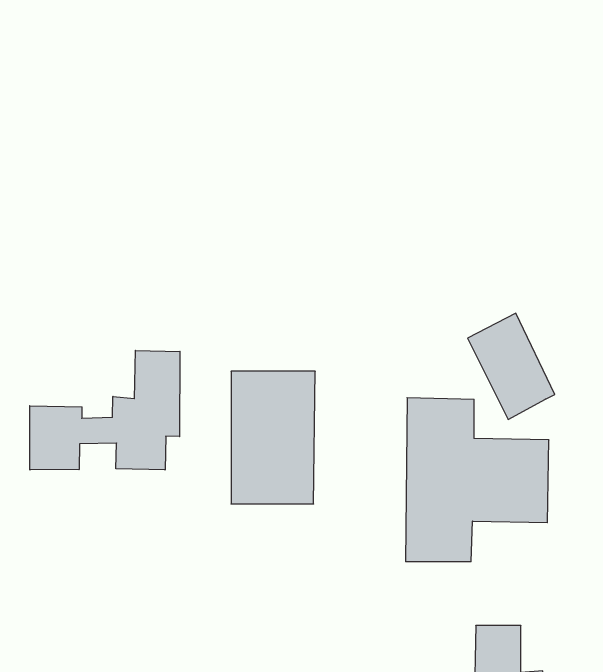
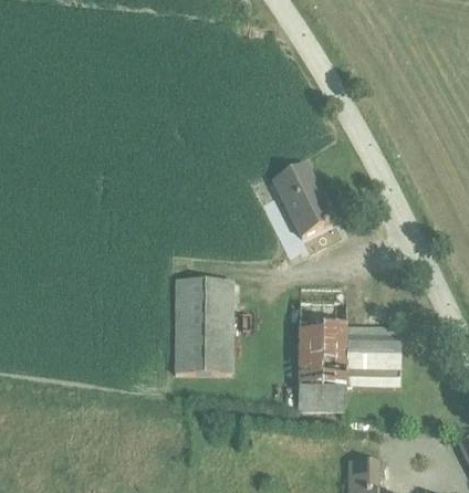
building: [468,313,555,419] -> [271,161,333,237]
building: [30,350,180,470] -> none

